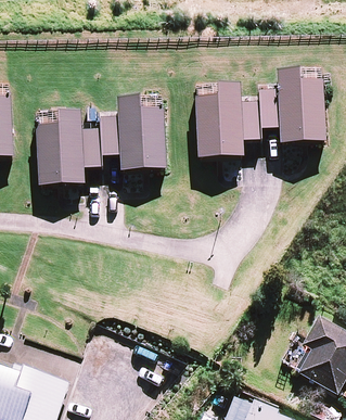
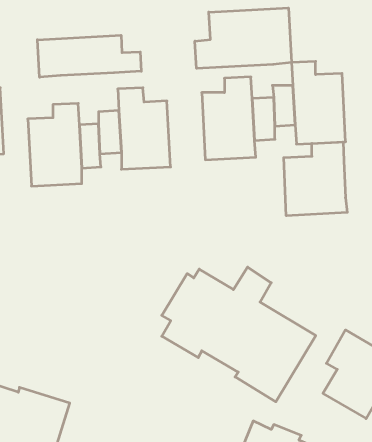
building: none -> [195,8,292,68]
building: none -> [37,35,141,77]
building: none -> [284,142,347,216]
building: none -> [162,267,316,402]

